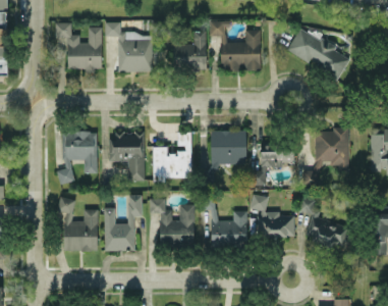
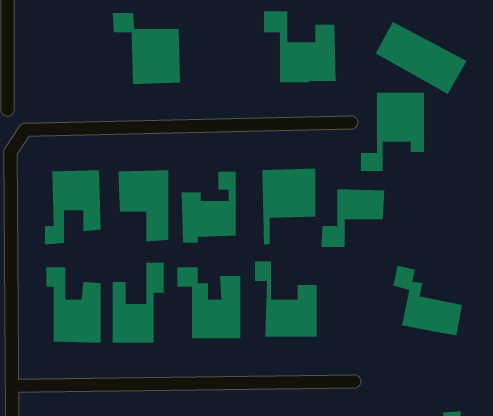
building: [55,22,102,71] -> none
building: [174,32,207,69] -> none
building: [304,130,349,185] -> [360,92,425,172]
building: [252,196,294,238] -> none

